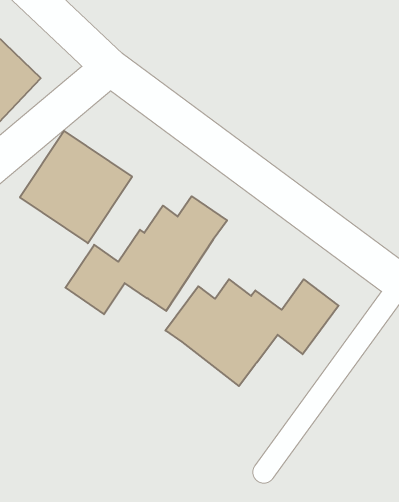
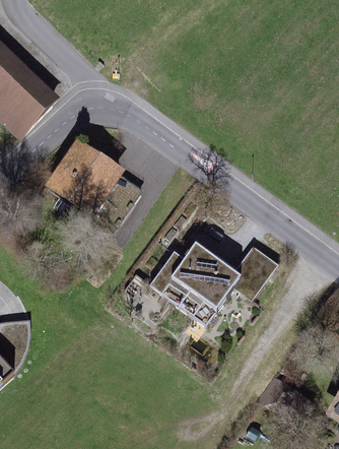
building: [65,196,227,314] -> none

